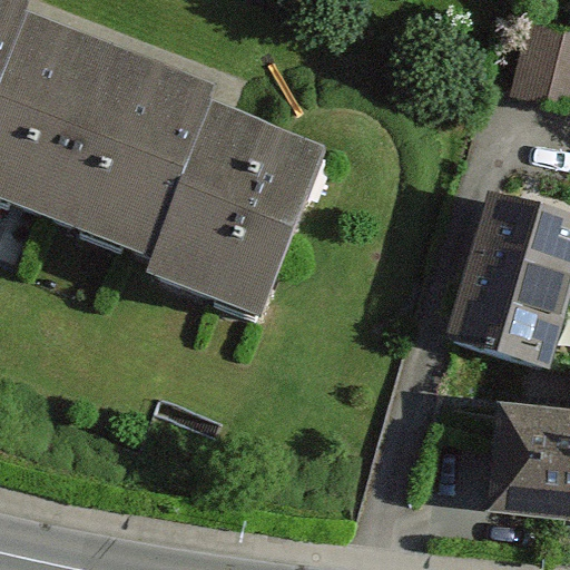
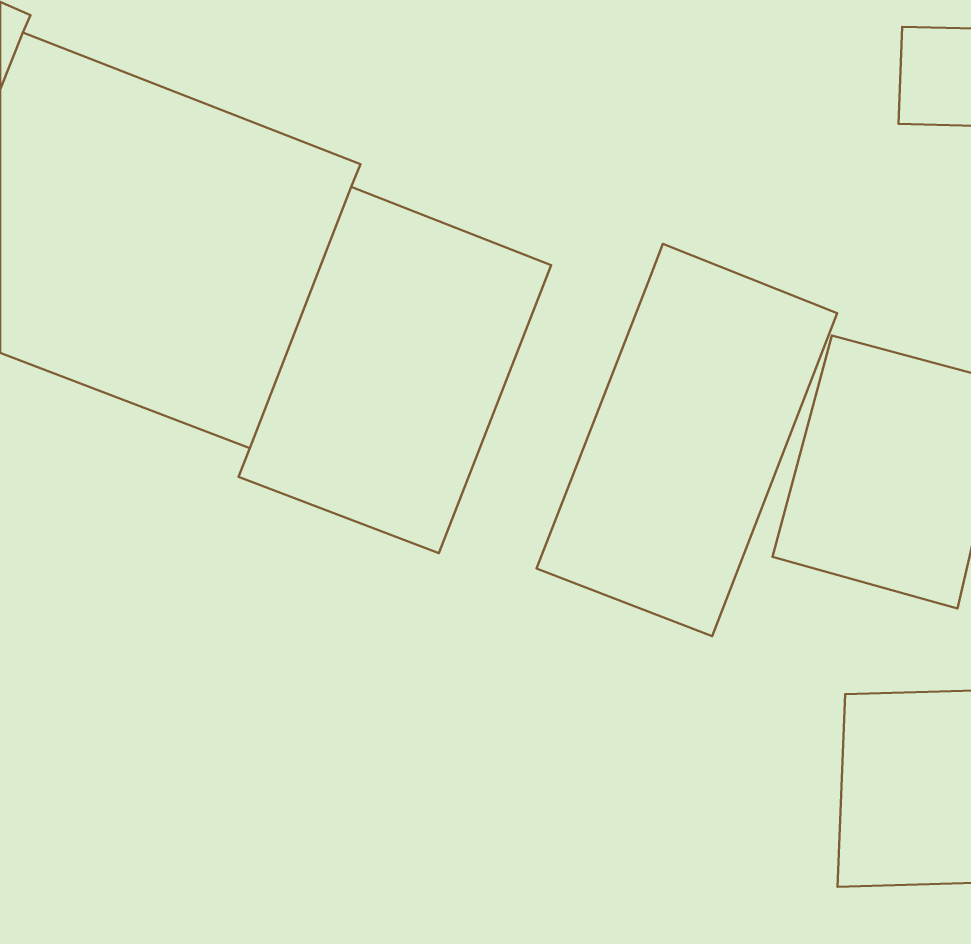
building: none -> [537,244,837,636]

